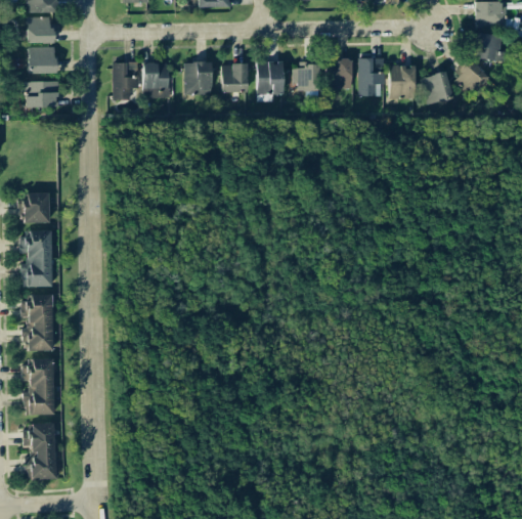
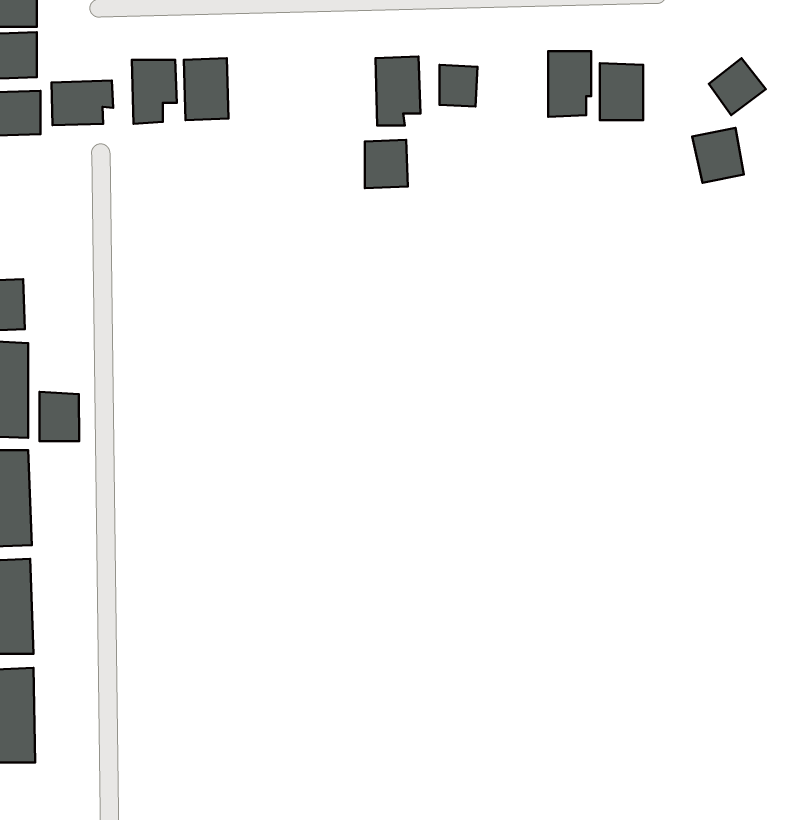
building: [472,33,504,60] -> none
building: [327,60,352,88] -> none
building: [185,61,212,95] -> none
building: [222,63,248,92] -> [365,140,408,188]
building: [422,72,452,104] -> [692,128,744,183]
building: none -> [52,81,113,125]
building: none -> [39,392,79,441]

